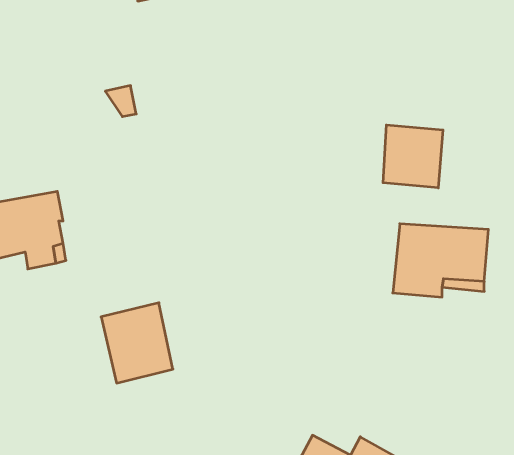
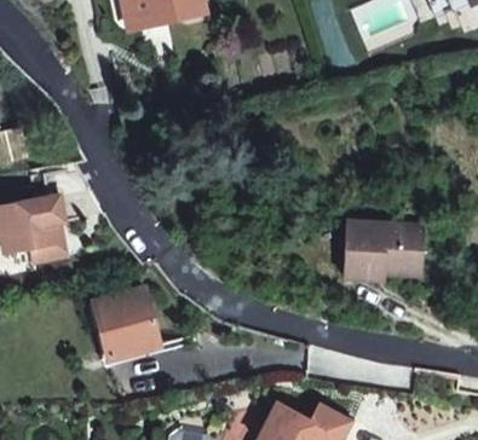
building: [383,125,443,188] -> none

